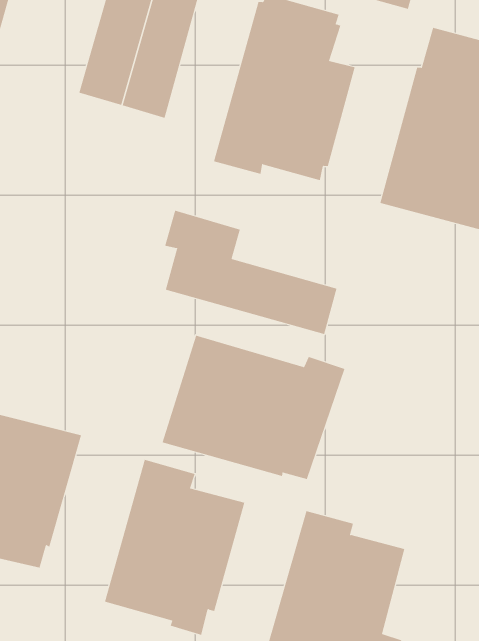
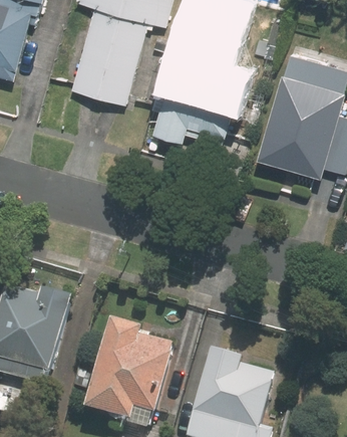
building: [165,210,337,335] -> none
building: [162,335,345,480] -> none

